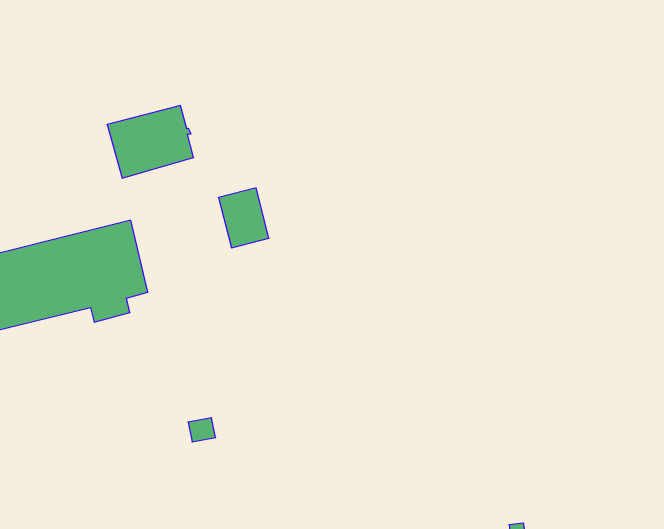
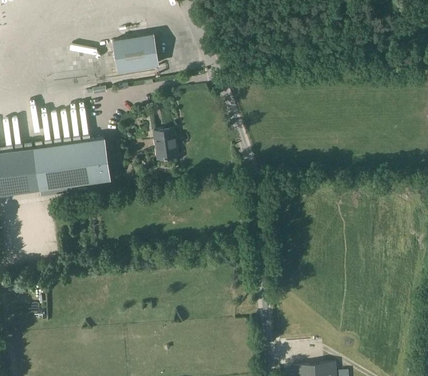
building: [107,105,194,178] -> [109,36,154,72]

